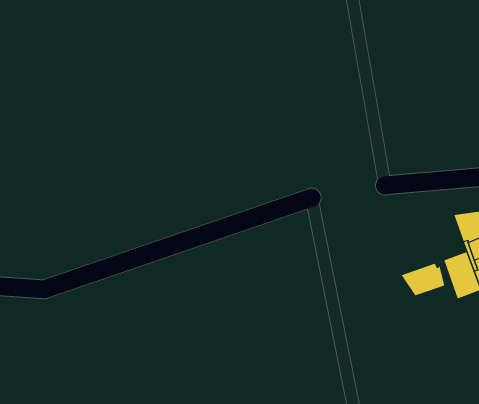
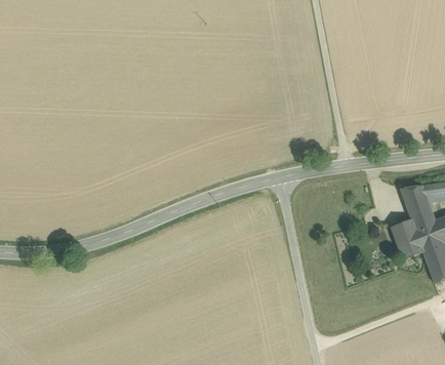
building: [401,263,445,296] -> none

